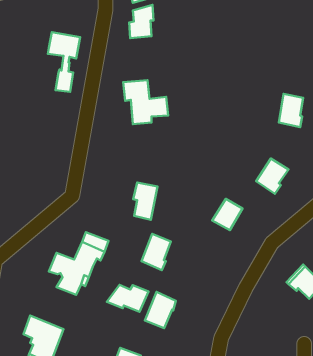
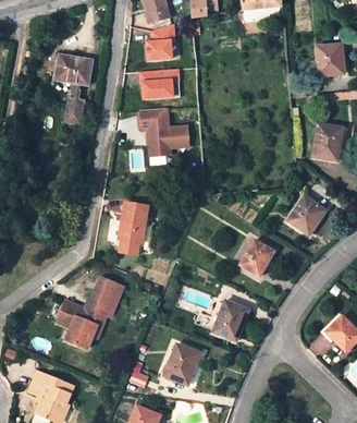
building: none -> [317,44,342,74]
building: none -> [138,69,177,98]
building: [133,182,158,220] -> [122,204,149,245]
building: [141,234,171,270] -> [212,300,245,340]
building: [107,285,149,312] -> none

